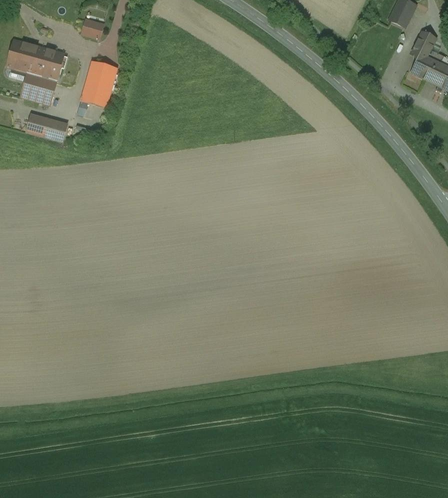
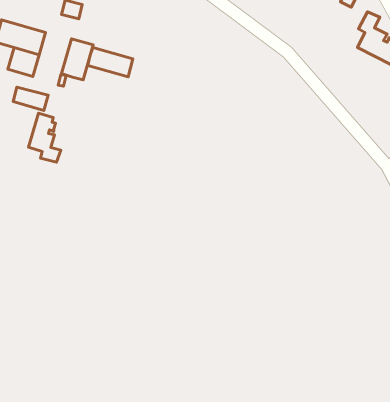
building: none -> [88,47,133,77]
building: none -> [29,113,61,162]

